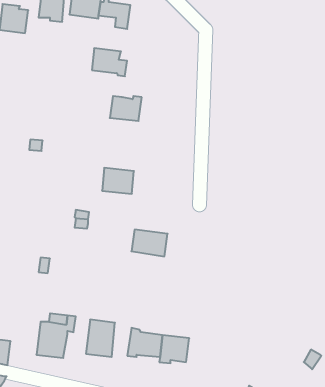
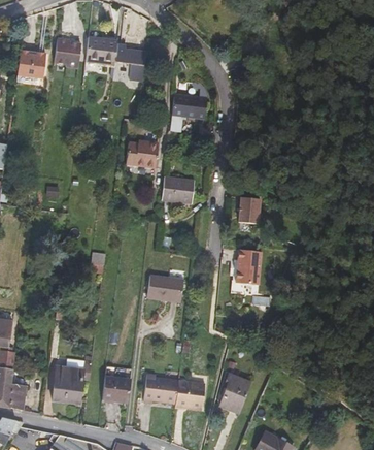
building: [92,48,127,76] -> [171,93,206,121]
building: none -> [238,197,261,223]
building: [102,168,134,194] -> [162,176,194,202]
building: none -> [235,248,263,283]
building: none -> [220,373,250,412]

